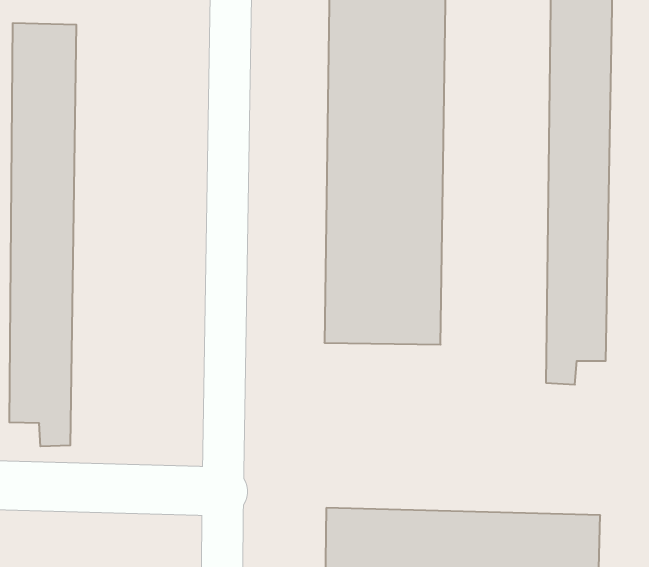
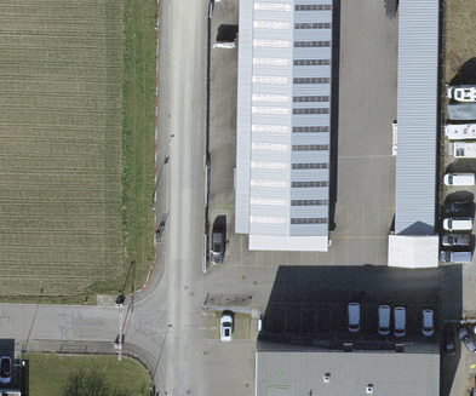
building: [9,23,76,446] -> none

